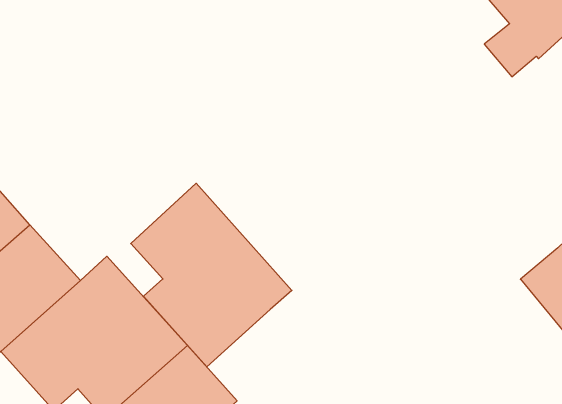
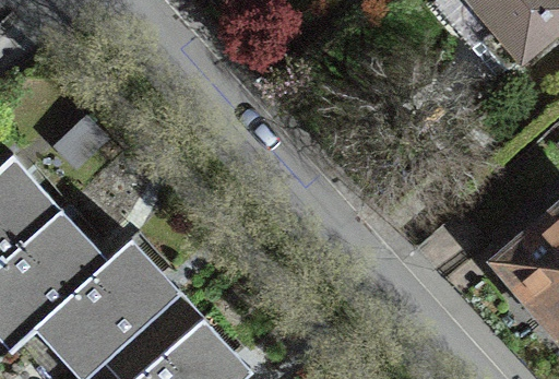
building: [131,183,292,367] -> none

